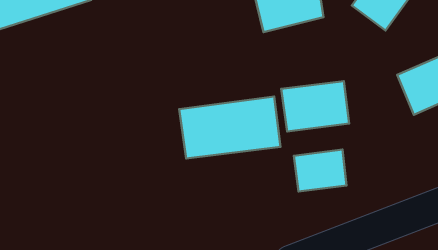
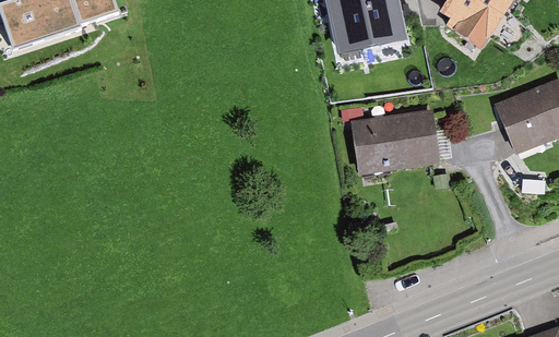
building: [179,97,280,158] -> none
building: [294,150,346,191] -> none

